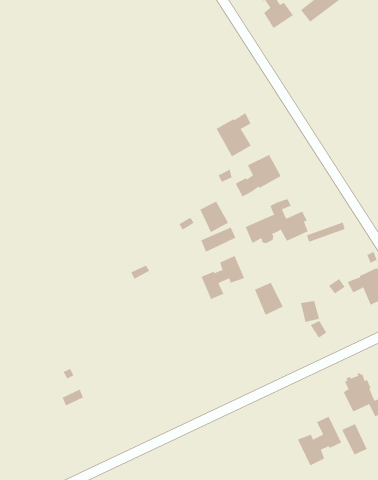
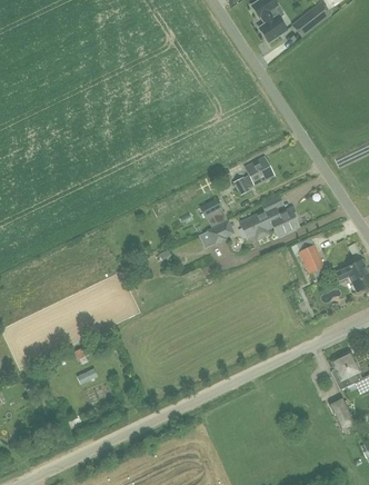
building: [216,112,252,157] -> none
building: [201,255,245,300] -> none
building: [254,282,284,315] -> [298,244,325,274]
building: [297,416,342,466] -> none

